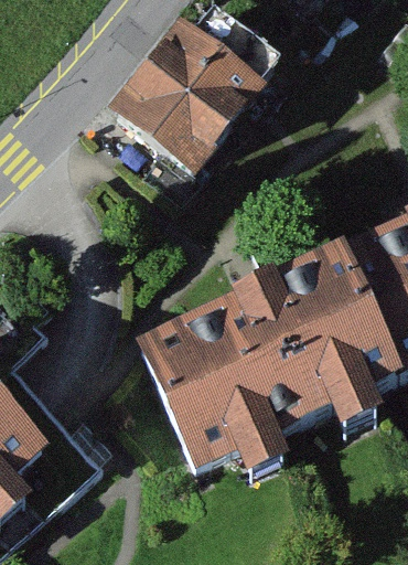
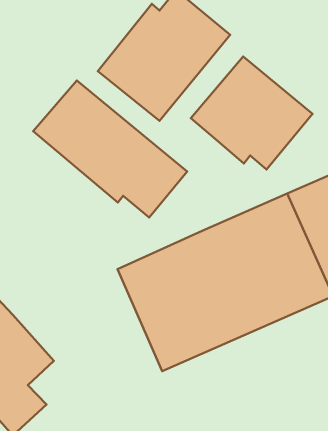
building: none -> [191,56,312,169]
building: none -> [33,80,187,218]

